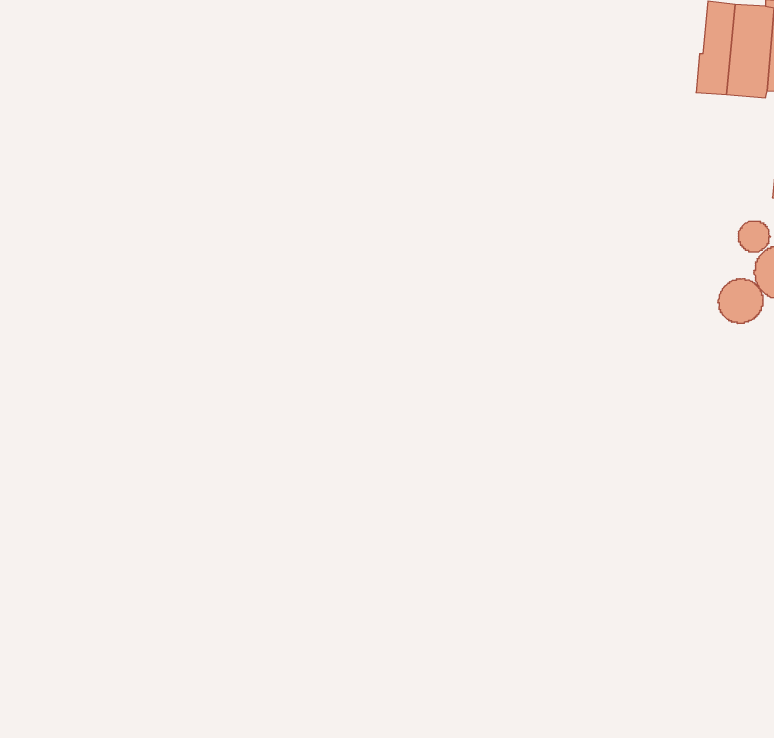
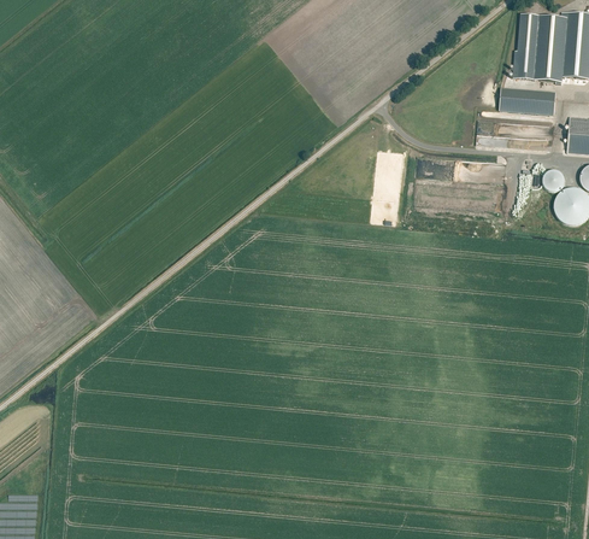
building: none -> [499,88,555,115]
building: [718,279,763,324] -> none

